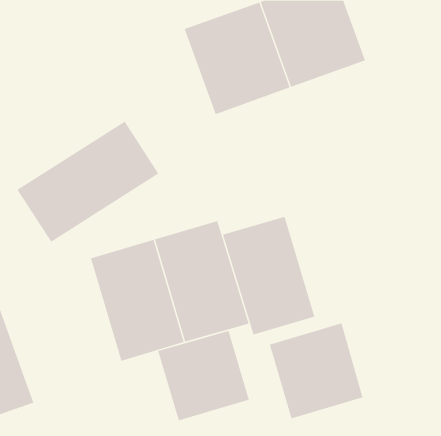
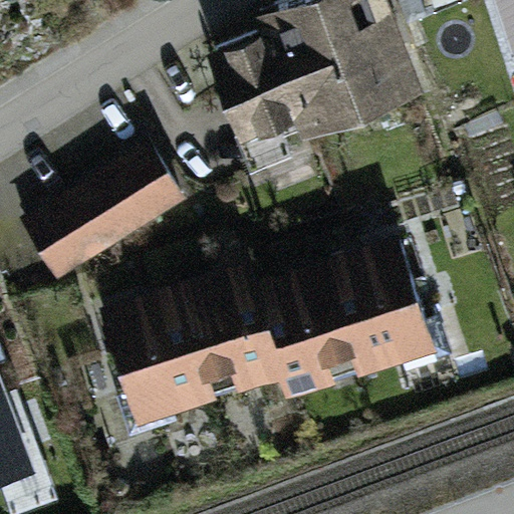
building: none -> [327,240,435,376]
building: [269,323,363,419] -> none
building: [158,330,249,421] -> none

